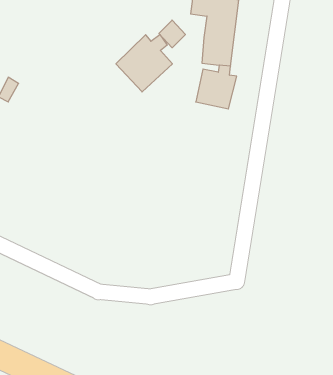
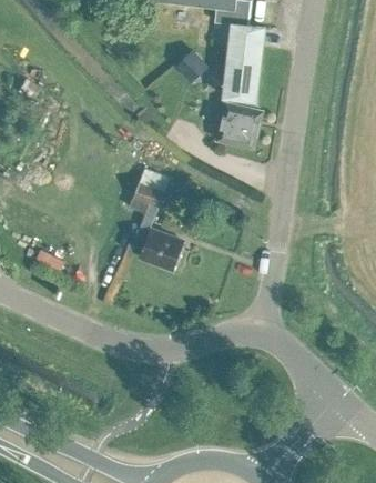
building: [116,34,172,92] -> none
building: none -> [131,180,184,268]

